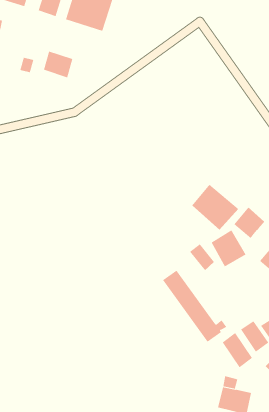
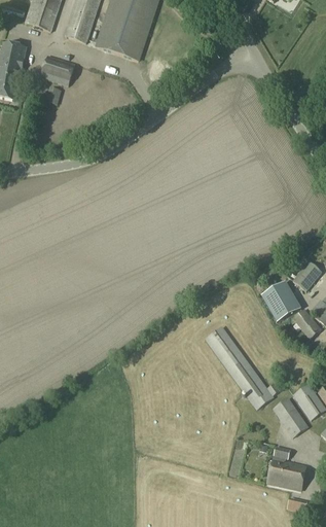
building: [43,51,73,78] -> [41,55,75,85]
building: [192,184,239,230] -> none
building: [189,244,215,271] -> [292,308,321,339]

